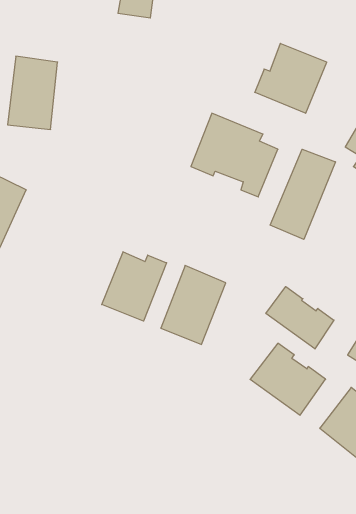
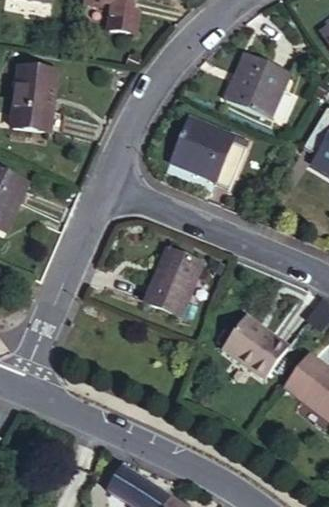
building: [270,149,335,239] -> none
building: [102,252,167,321] -> none
building: [266,287,334,349] -> none

